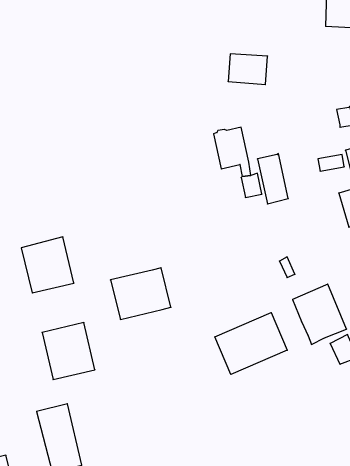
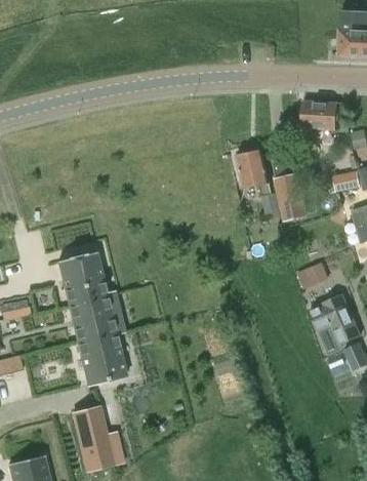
building: [228,54,268,85] -> [302,101,339,129]
building: [110,268,171,319] -> [68,291,124,339]
building: [215,313,287,374] -> none

